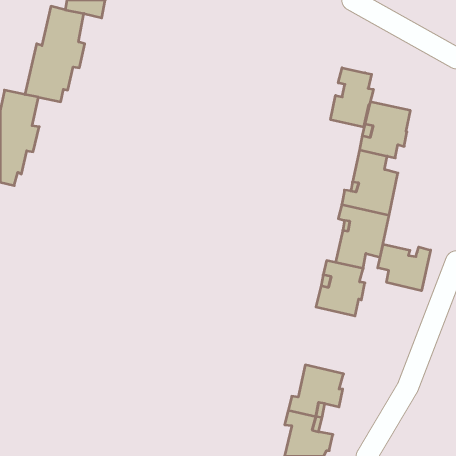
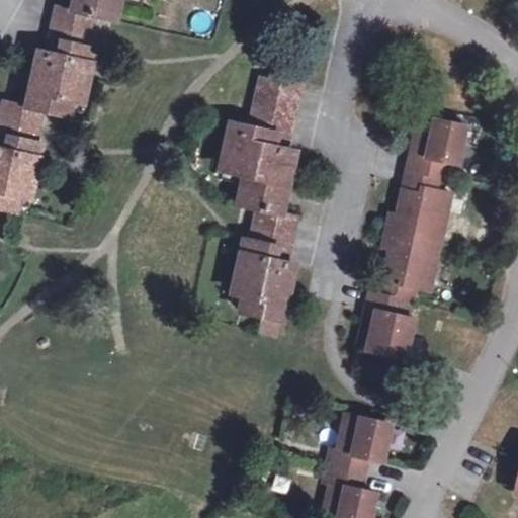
building: [331,68,373,127] -> none
building: none -> [222,79,300,337]
building: [378,244,431,291] -> none

